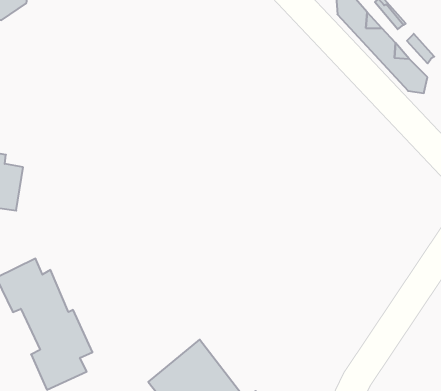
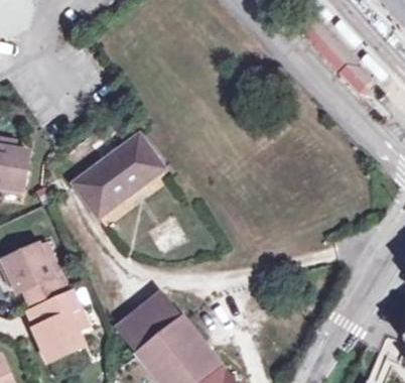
building: none -> [72,132,160,214]
building: none -> [119,294,182,354]

